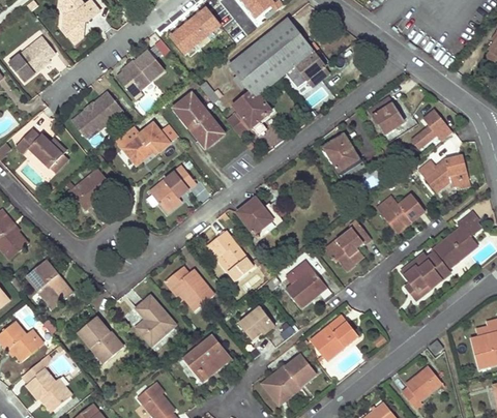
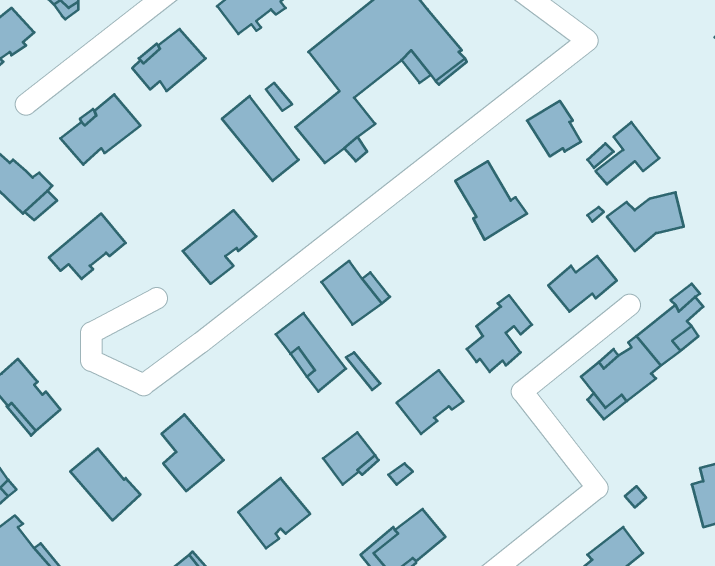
building: [122,123,168,163] -> none
building: [166,266,213,310] -> none
building: [311,315,358,357] -> none

